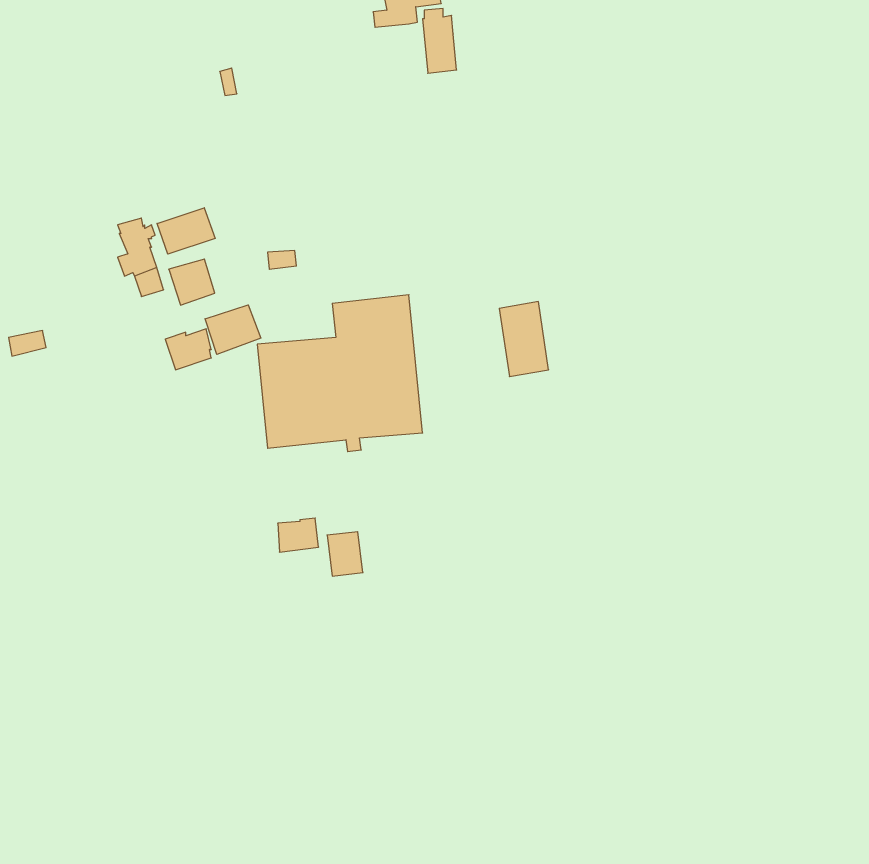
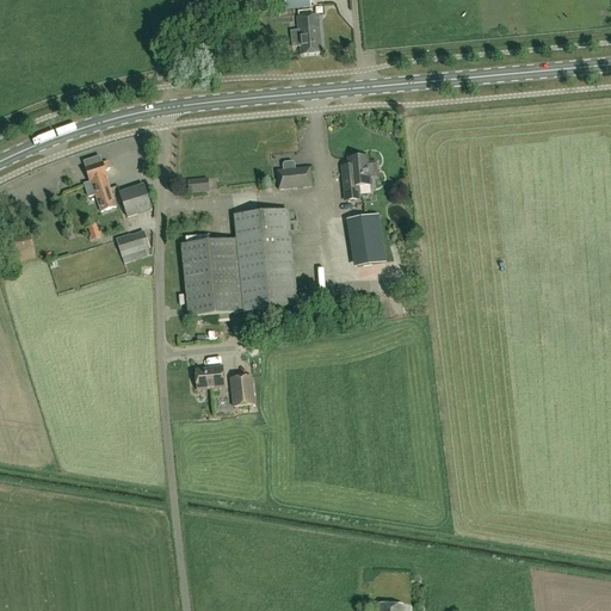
building: [157,208,215,254] -> none
building: none -> [340,153,375,197]
building: none -> [276,159,310,186]
building: [205,305,261,354] -> none

